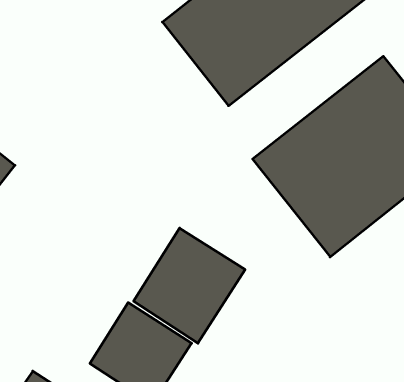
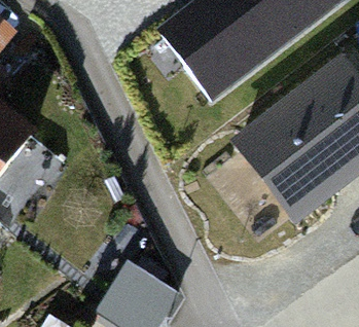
building: [134,228,245,343] -> none

